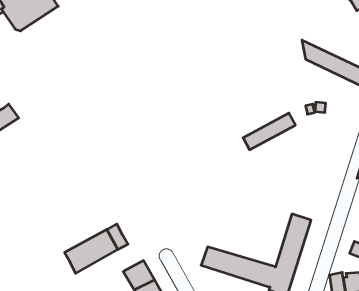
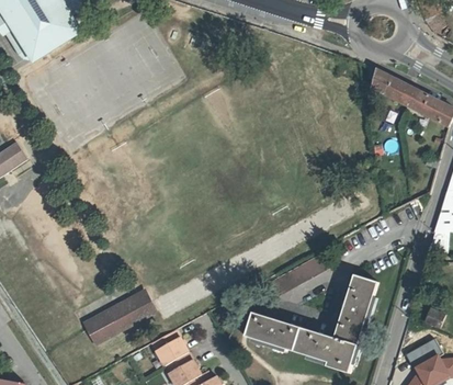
building: [243,113,295,150] -> [268,254,330,298]

